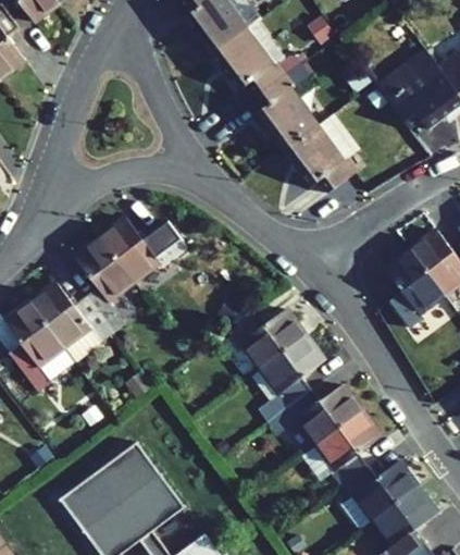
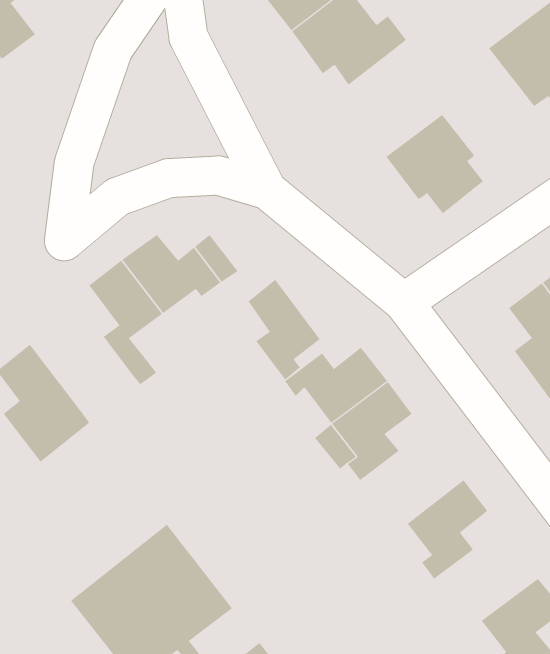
building: [266,82,339,159] -> none
building: none -> [248,279,320,380]
building: [25,283,109,361] -> none
building: [276,380,356,439] -> none
building: [333,455,412,513] -> none

